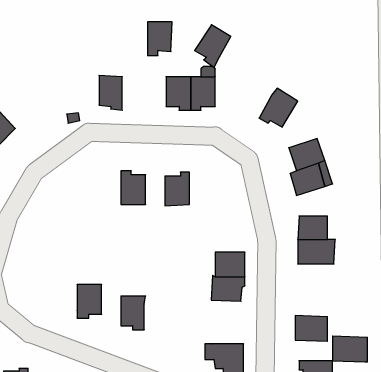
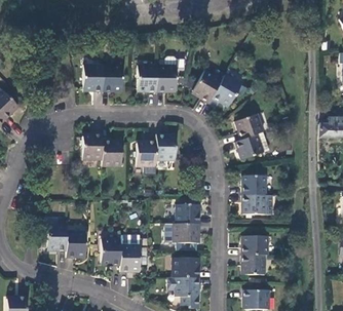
building: [148,22,172,56] -> [103,65,122,91]
building: [195,25,231,67] -> [193,70,222,104]
building: none -> [82,133,102,160]
building: none -> [156,134,176,161]
building: none -> [47,224,67,250]
building: none -> [120,235,140,272]
building: none -> [174,258,200,277]
building: [333,336,367,362] -> [240,235,268,256]

